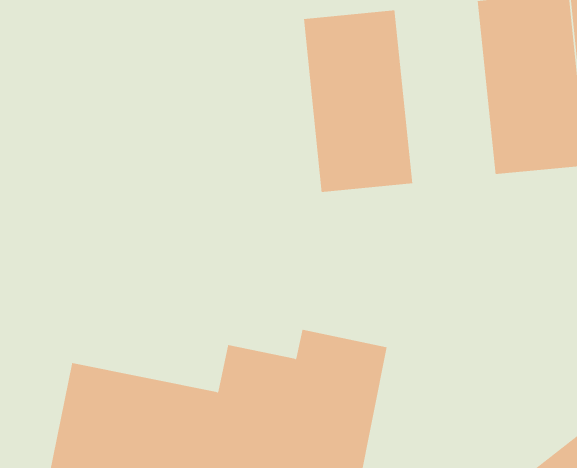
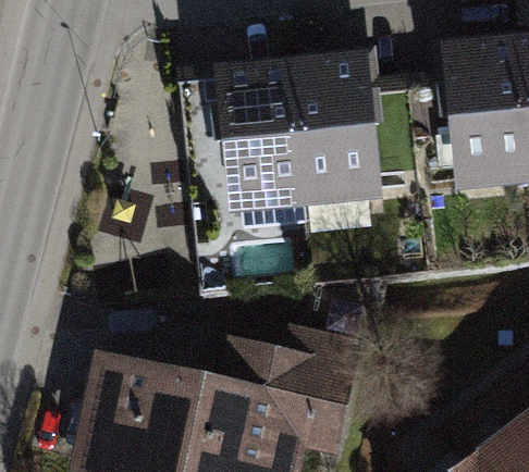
building: none -> [214,58,307,214]

